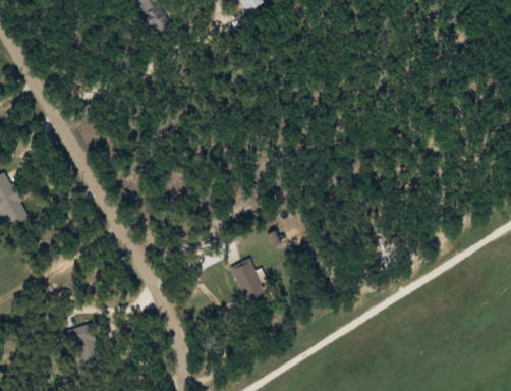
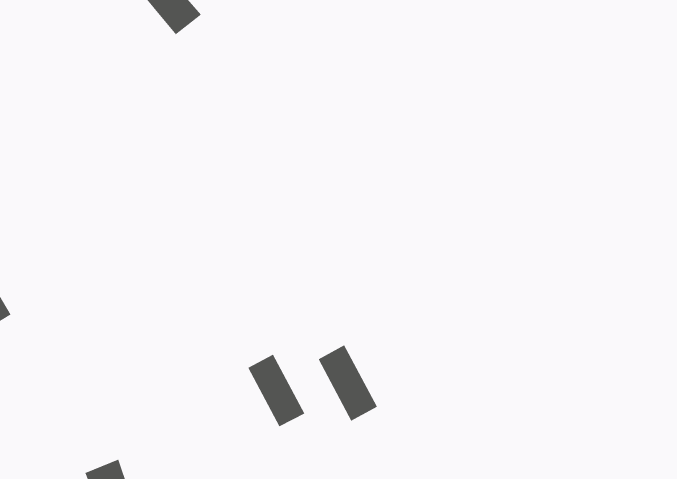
building: none -> [247,354,305,427]

